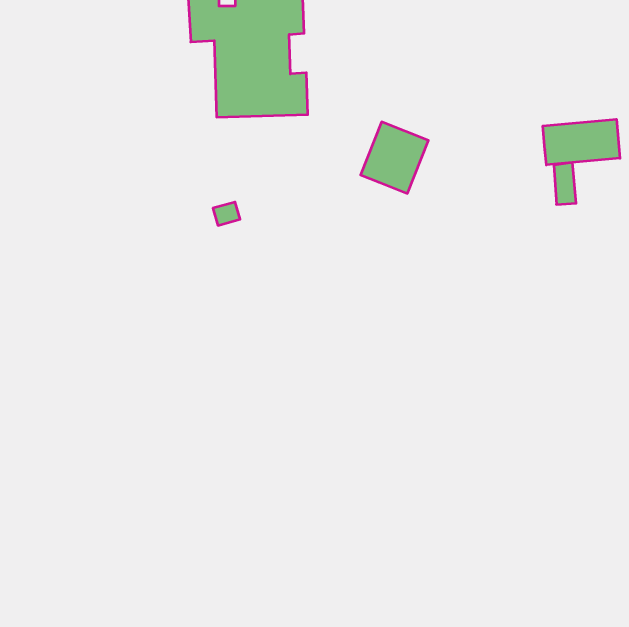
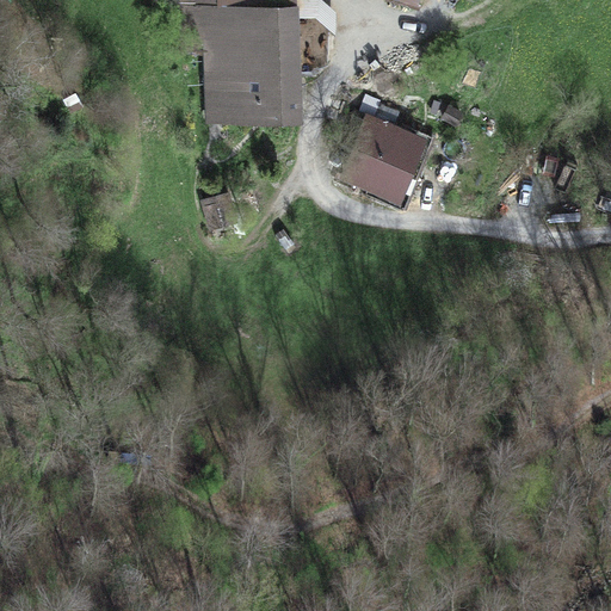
building: [543,119,620,165] -> none
building: none -> [362,136,430,206]

